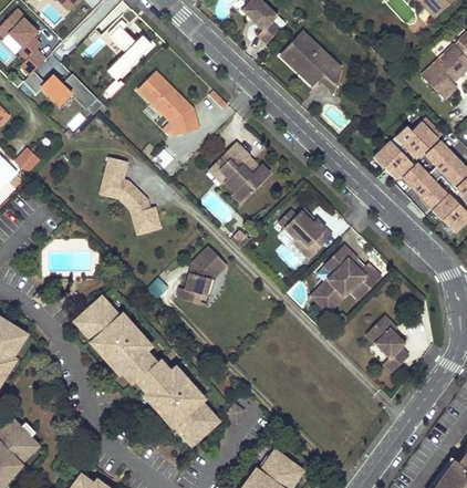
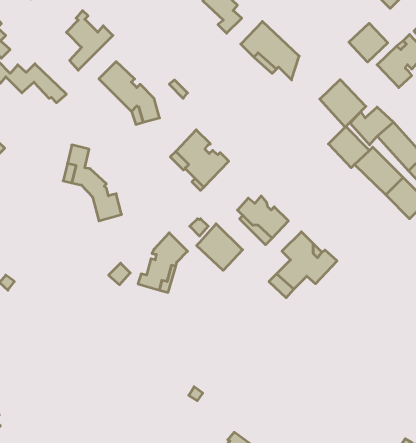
building: none -> [349,23,388,62]
building: none -> [320,80,366,127]
building: none -> [197,224,243,270]
building: [75,295,218,445] -> none
building: [366,315,409,373] -> none

